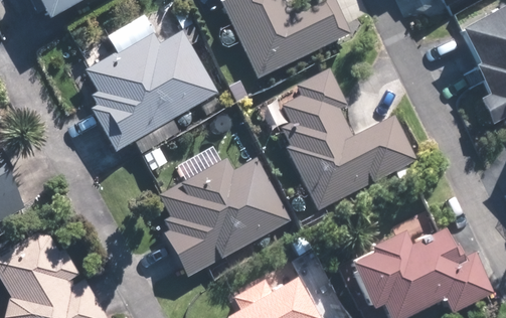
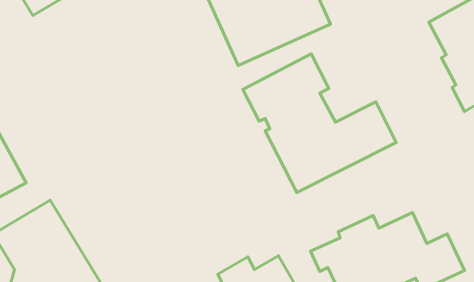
building: [85,17,227,155] -> none
building: [161,145,294,278] -> none

